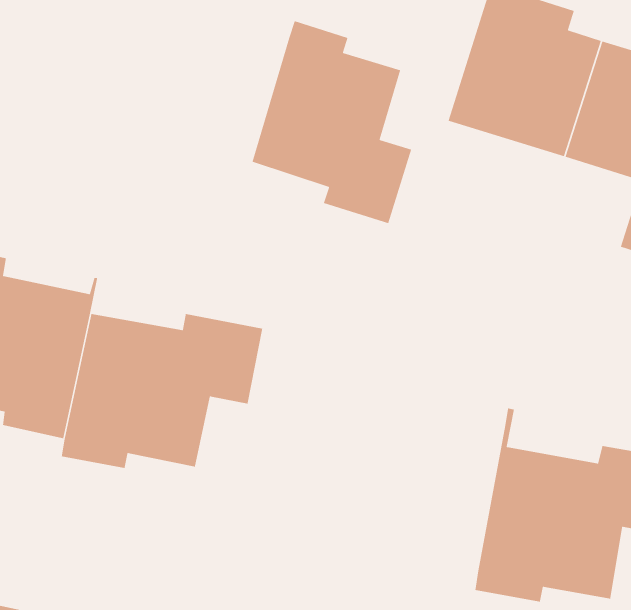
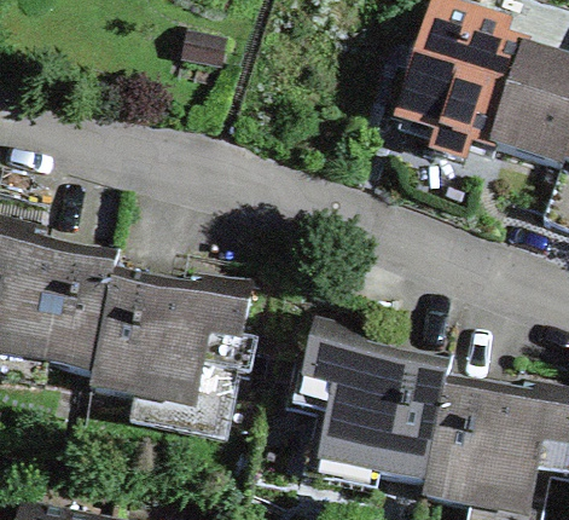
building: [252,20,412,224] -> none
building: none -> [303,325,446,484]

